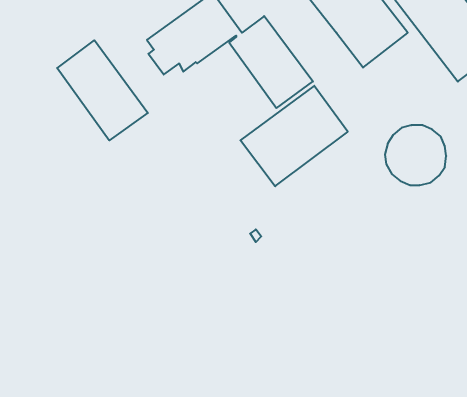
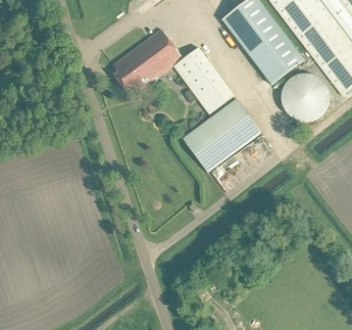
building: [57,40,148,140] -> none
building: [385,125,446,185] -> [282,73,326,116]

